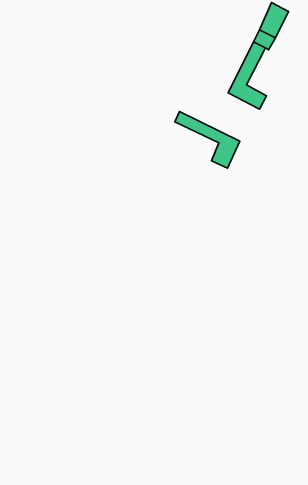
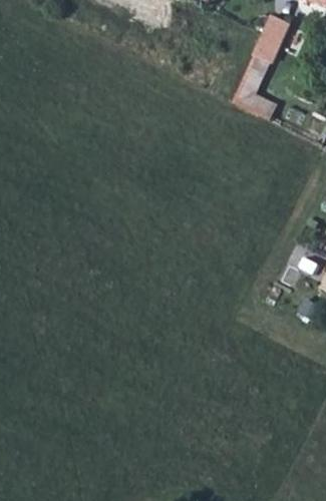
building: [175,112,240,168] -> none

